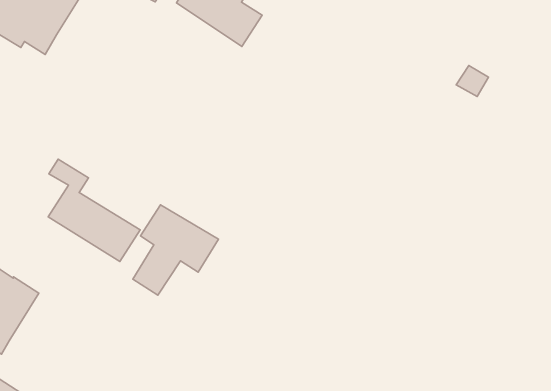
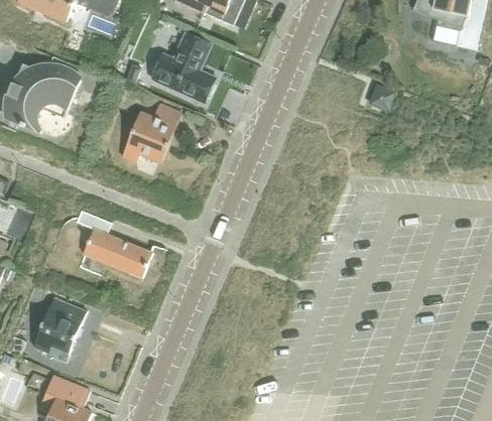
building: none -> [122,105,180,164]
building: [133,205,218,295] -> none

